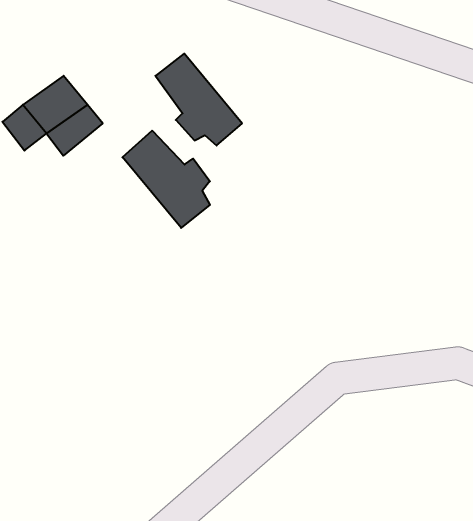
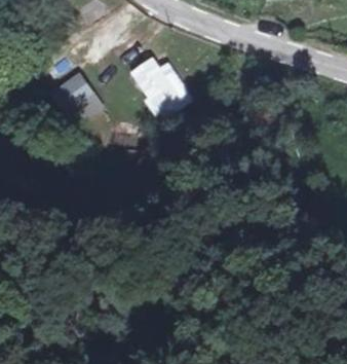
building: [122,131,210,228] -> none

